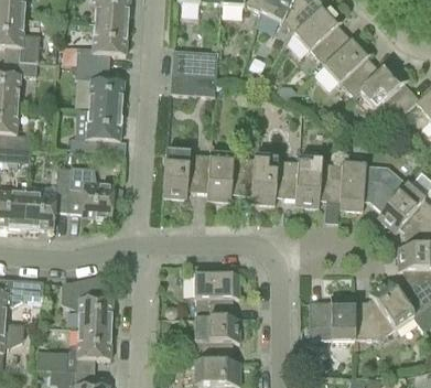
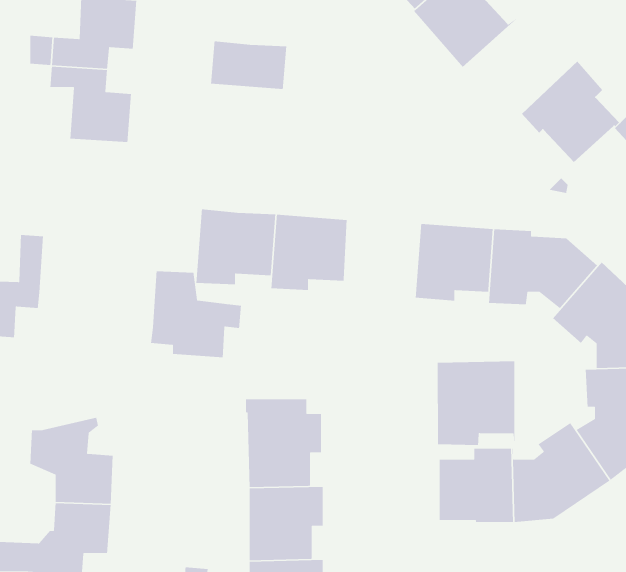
building: [323,36,392,97] -> none
building: [170,76,215,97] -> none
building: [68,109,121,154] -> none
building: [251,158,298,205] -> none
building: [67,168,122,220] -> [150,270,242,358]
building: none -> [437,361,515,448]

